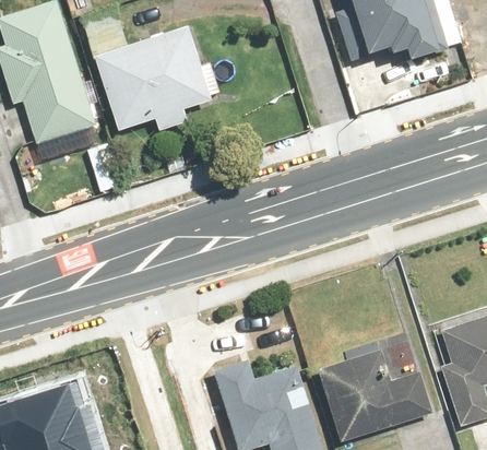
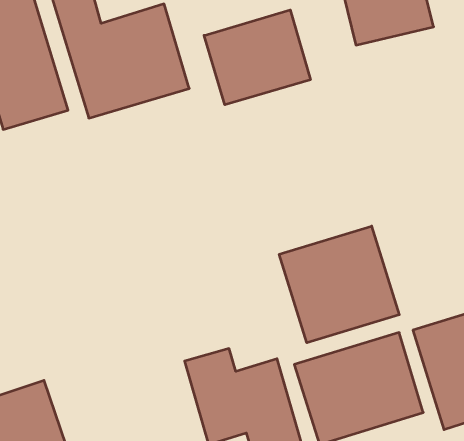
building: none -> [204,10,310,105]
building: none -> [279,226,399,343]

